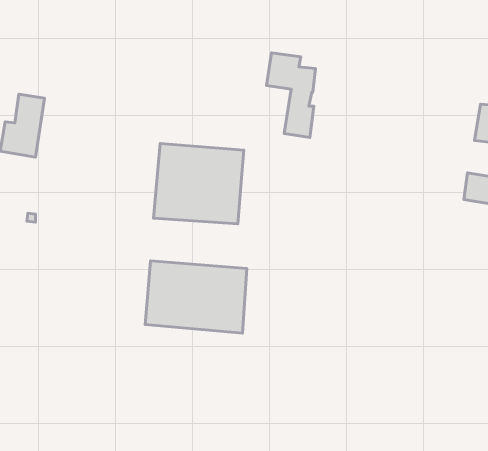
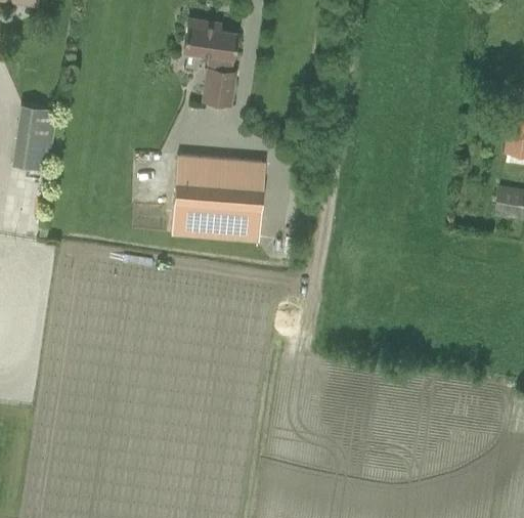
building: [267,53,316,137] -> [185,17,236,105]
building: [145,261,247,333] -> none

